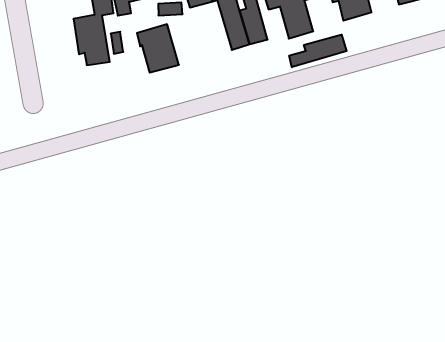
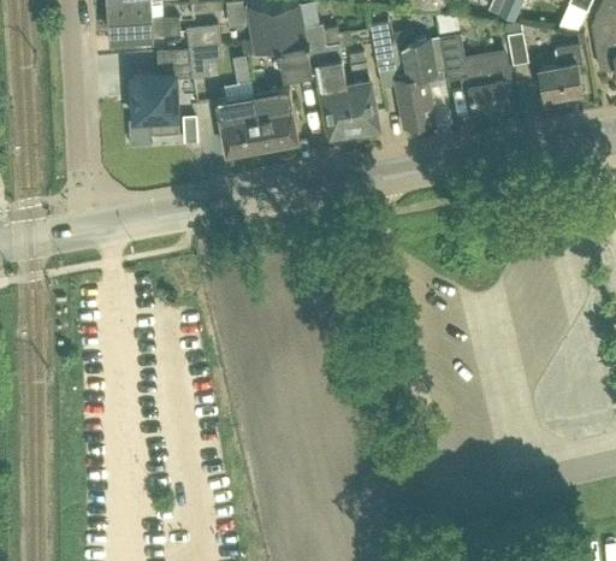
building: none -> [253,90,296,148]
building: [289,35,347,67] -> none

